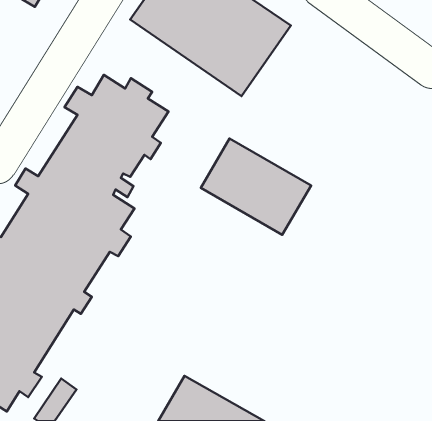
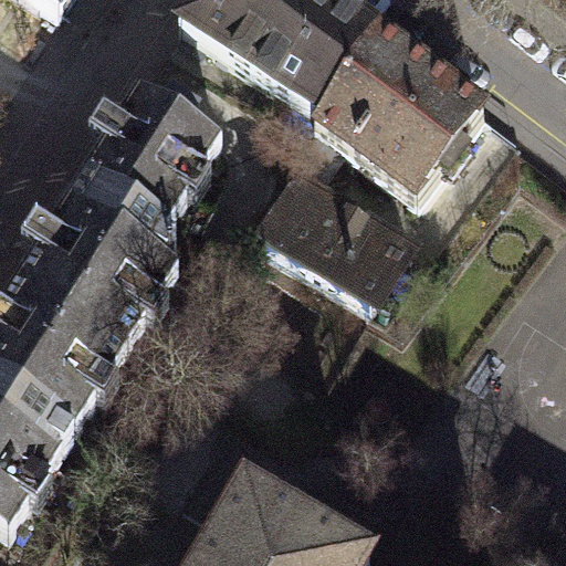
building: none -> [308,33,491,212]

